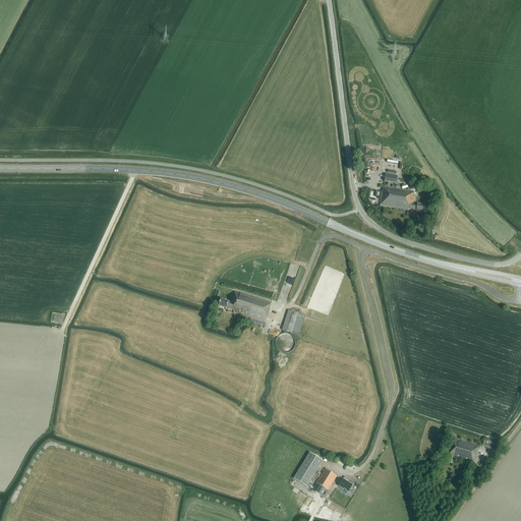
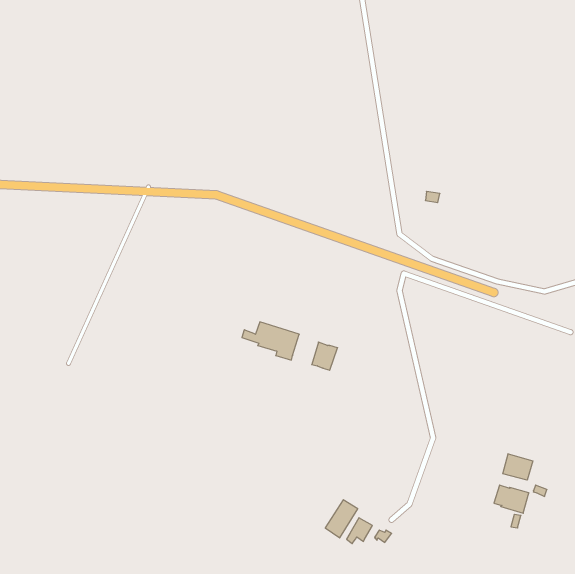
building: [380,186,425,211] -> none
building: none -> [503,454,533,480]

